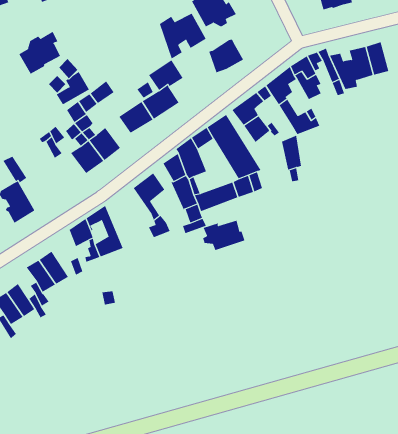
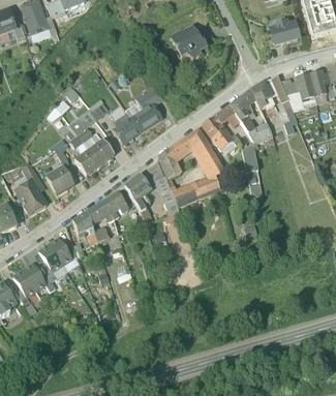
building: [159,13,207,60] -> none
building: [18,31,61,75] -> none
building: [208,39,244,73] -> none
building: none -> [47,164,74,190]
building: none -> [102,190,128,219]
building: [202,220,245,251] -> none

